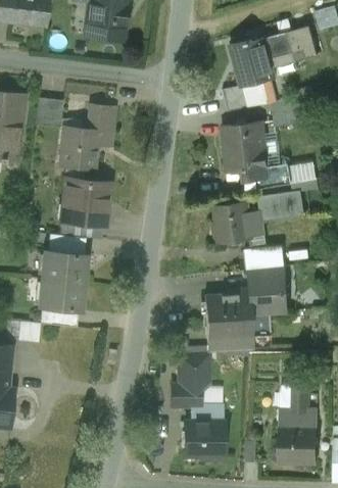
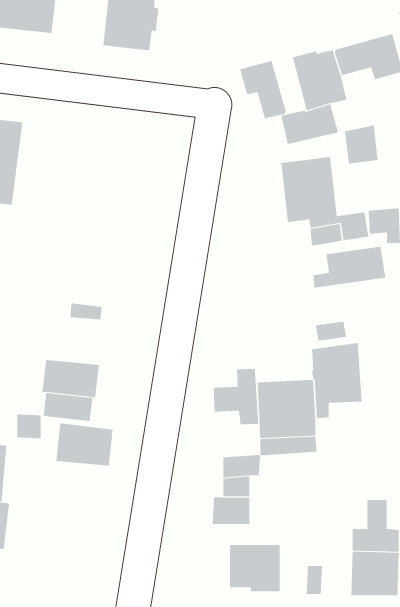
building: none -> [240,60,286,119]
building: [36,96,62,121] -> none
building: [60,104,116,168] -> none
building: [64,179,109,226] -> none
building: [214,202,251,243] -> none
building: [42,249,87,283] -> [55,423,114,466]
building: none -> [213,368,259,425]
building: [191,404,223,422] -> none

